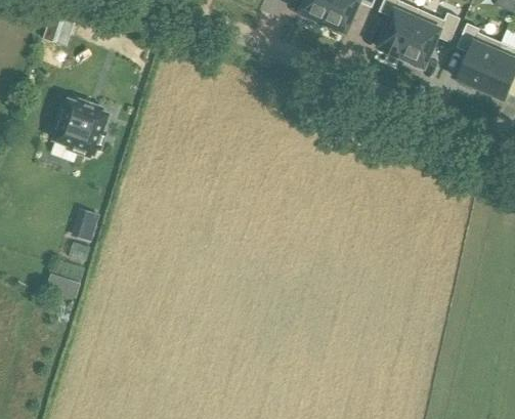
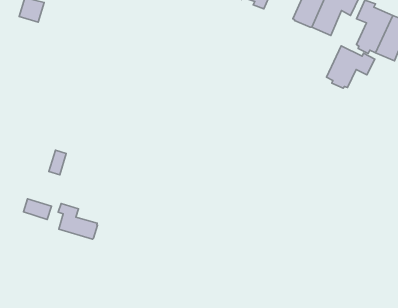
building: none -> [327,46,375,88]
building: [54,99,109,154] -> none
building: none -> [58,203,97,239]

